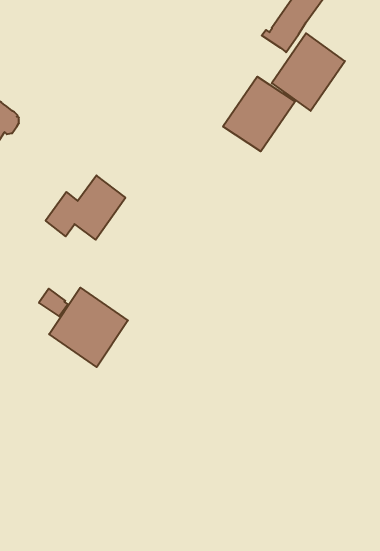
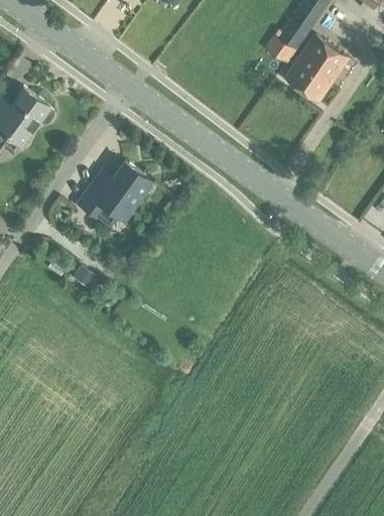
building: [223,77,295,151] -> none
building: [49,288,128,367] -> none

